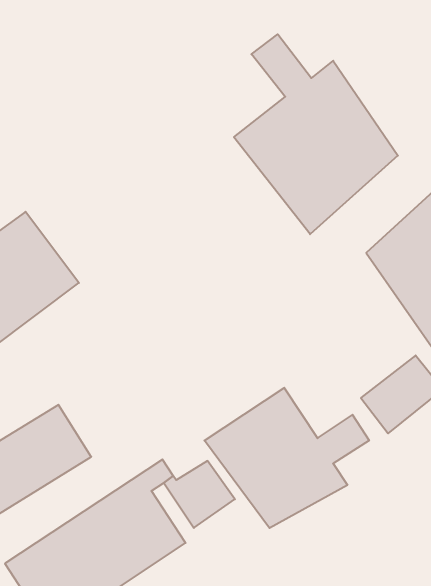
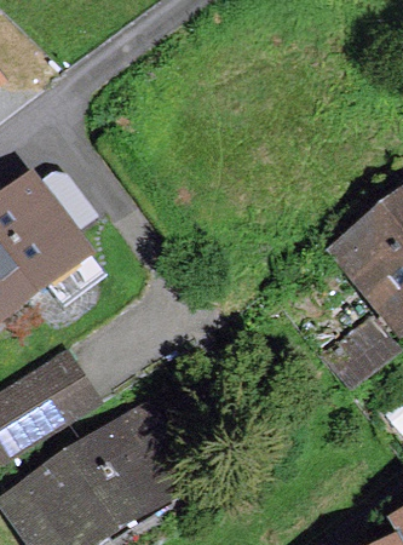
building: [234,34,398,234] -> none
building: [204,388,369,528] -> none

